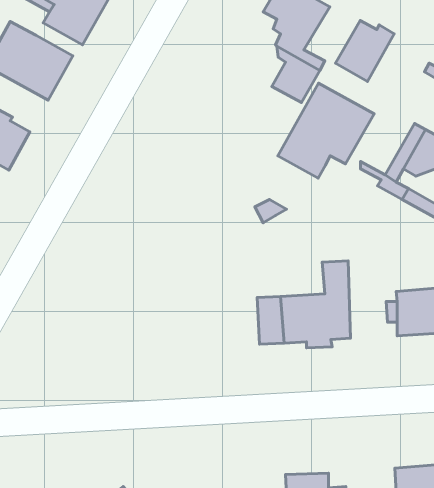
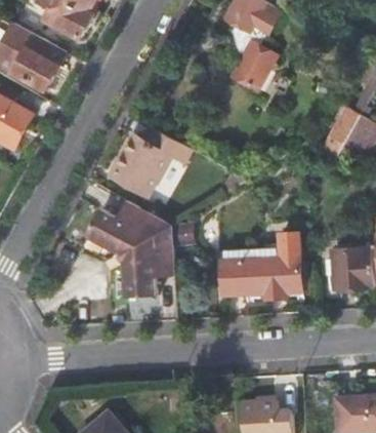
building: [336,20,394,81] -> none
building: [278,83,374,178] -> none
building: none -> [118,127,192,195]
building: none -> [85,202,173,294]

